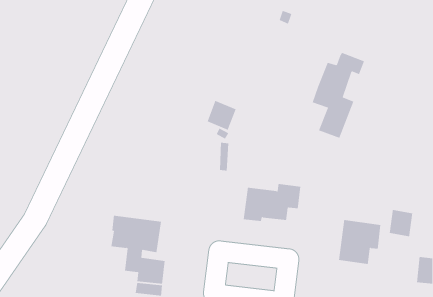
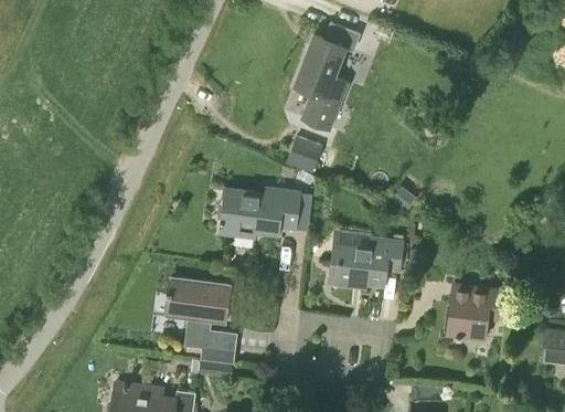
building: [312,52,365,139] -> [295,23,360,129]
building: none -> [220,189,300,239]
building: [389,209,413,237] -> none

